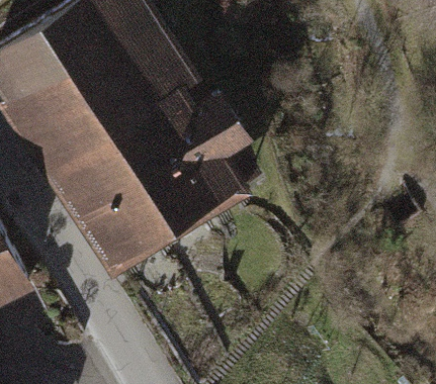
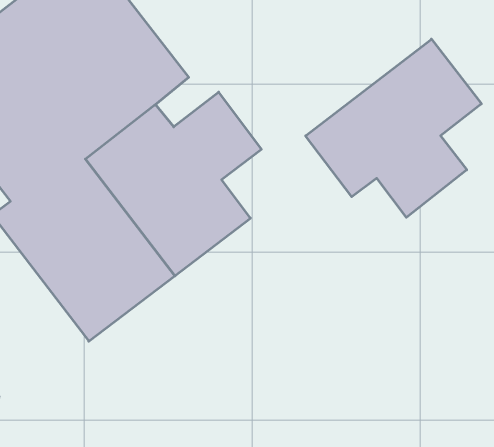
building: none -> [306,39,481,217]

